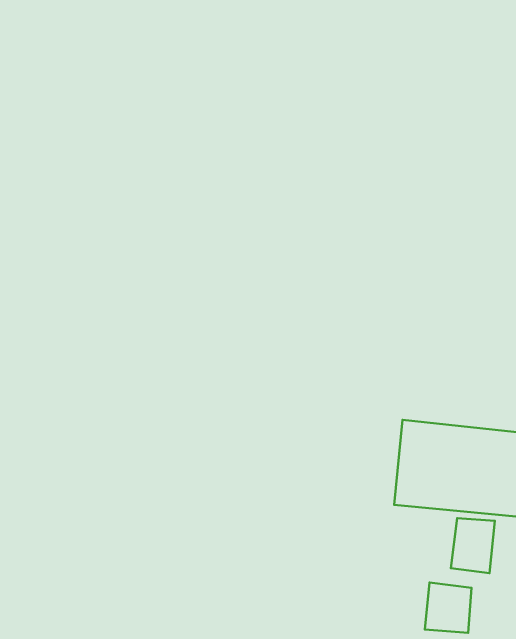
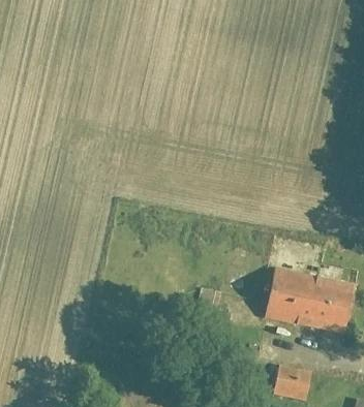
building: [451,518,495,573] -> none

